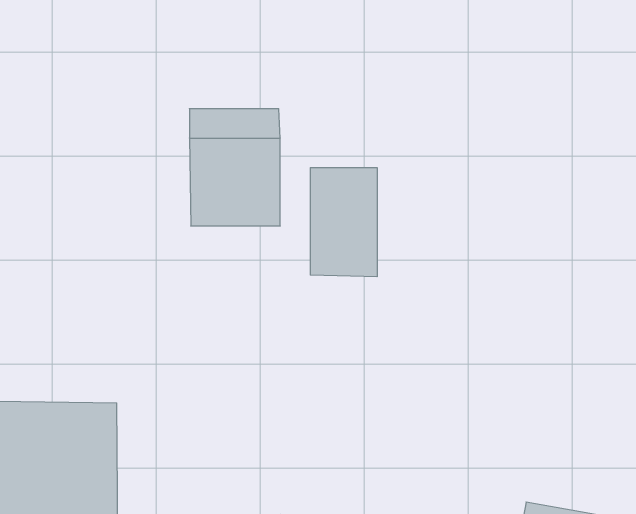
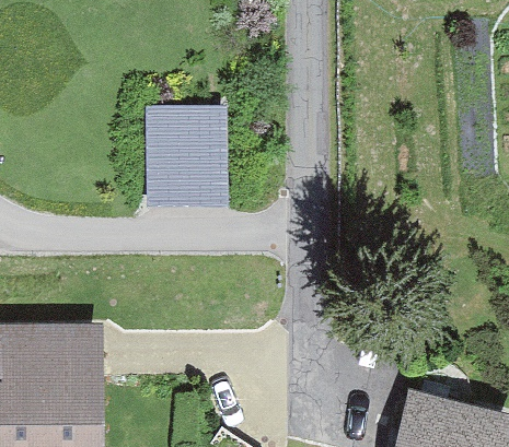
building: [310,168,377,277] -> none

